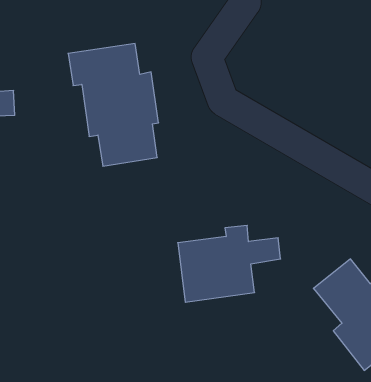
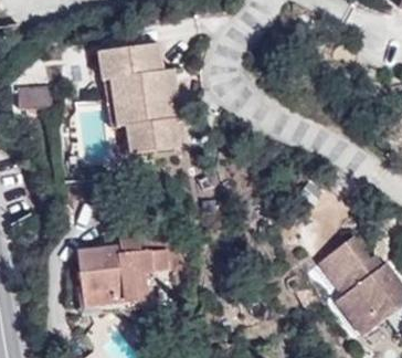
building: [178,225,281,302] -> [76,238,168,306]

